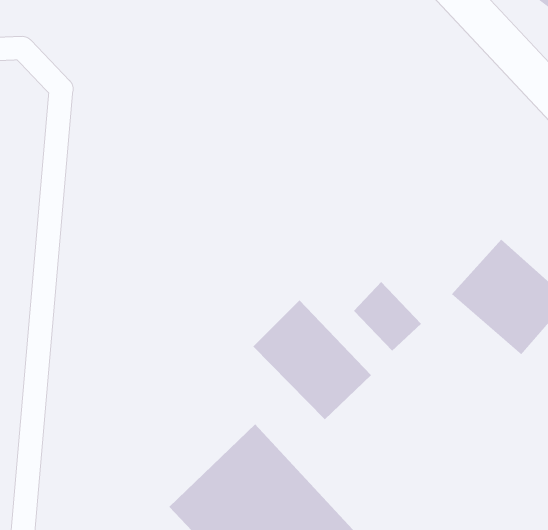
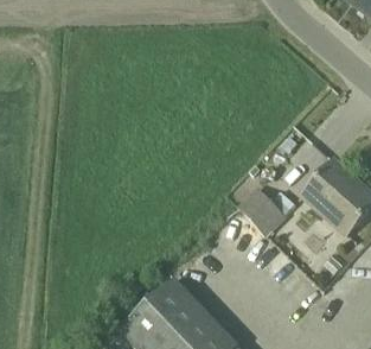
building: [253,300,372,420] -> none

